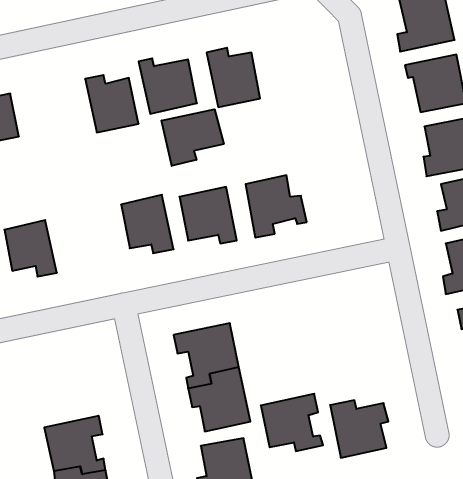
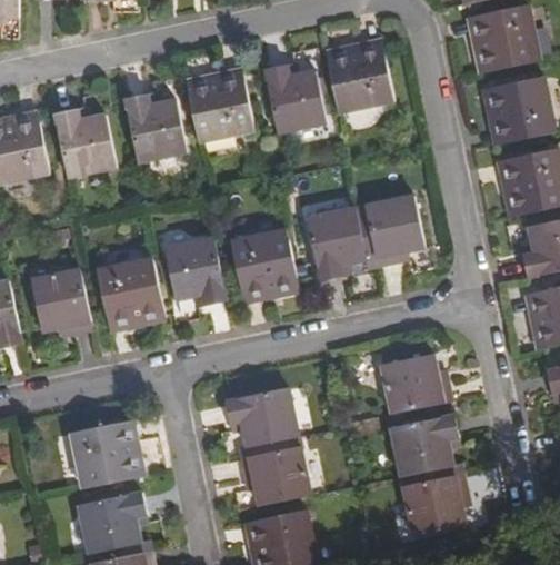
building: none -> [324,52,394,116]
building: none -> [51,107,113,172]
building: [162,109,224,166] -> none
building: none -> [353,200,424,267]
building: none -> [97,255,163,318]
building: none -> [383,350,453,412]
building: none -> [69,419,142,488]
building: [261,394,323,451] -> [393,415,464,480]

